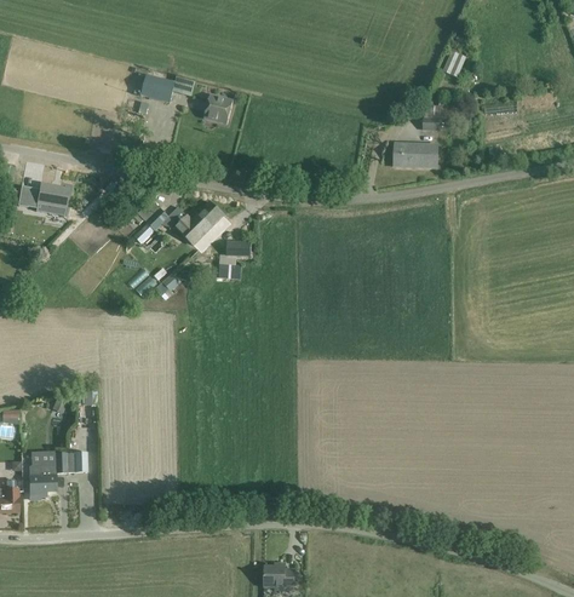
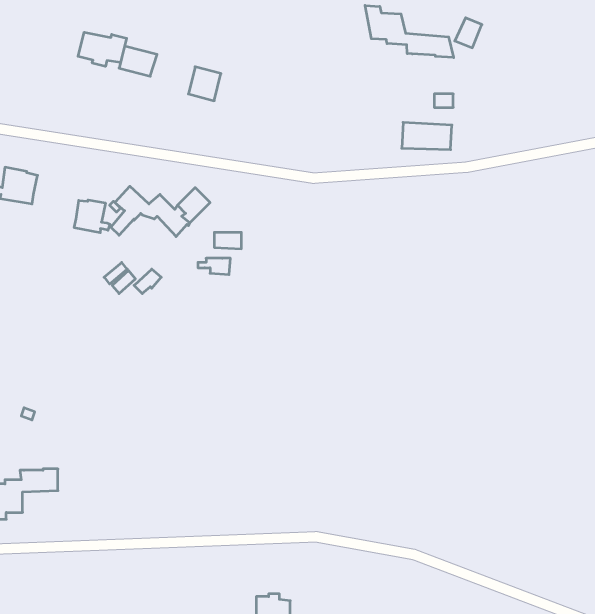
building: none -> [365,5,454,58]
building: none -> [78,32,127,66]
building: none -> [74,200,110,233]

